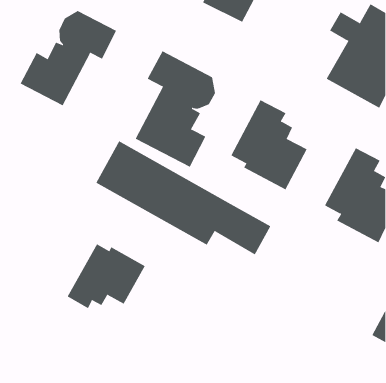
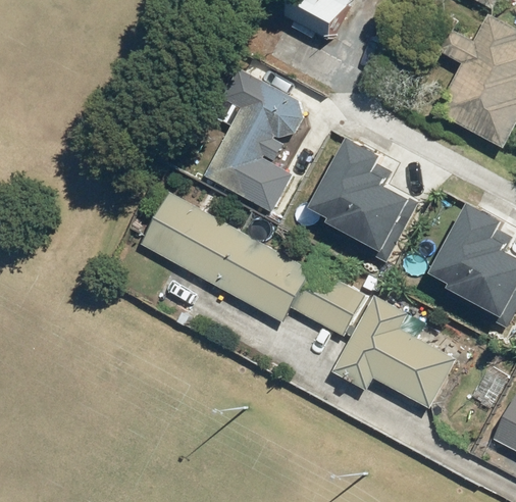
building: [20,10,117,106] -> none
building: none -> [332,294,465,408]
building: [67,244,146,309] -> none

